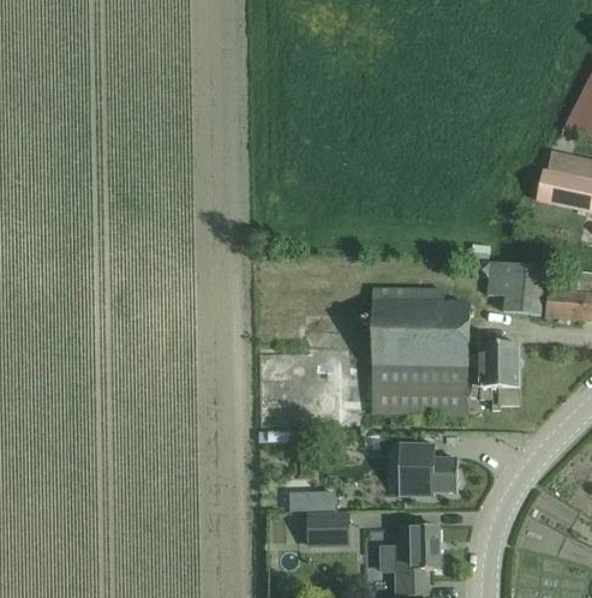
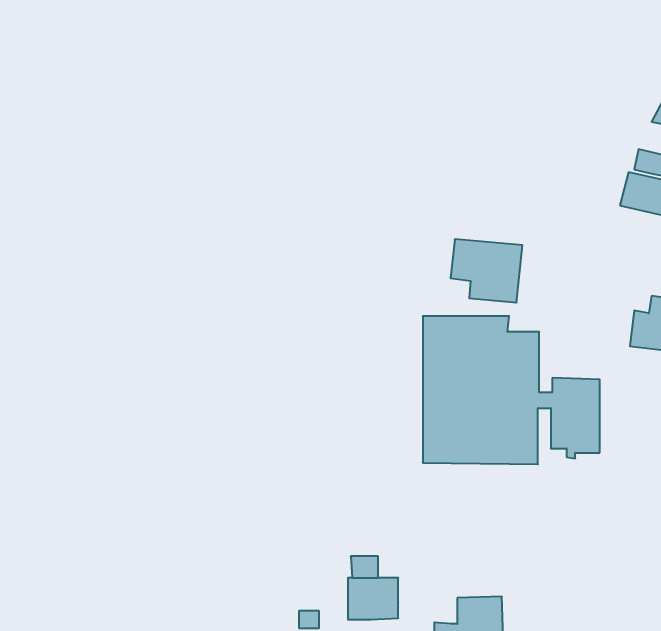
building: [486,261,546,313] -> [450,239,522,303]
building: [399,441,459,494] -> none

